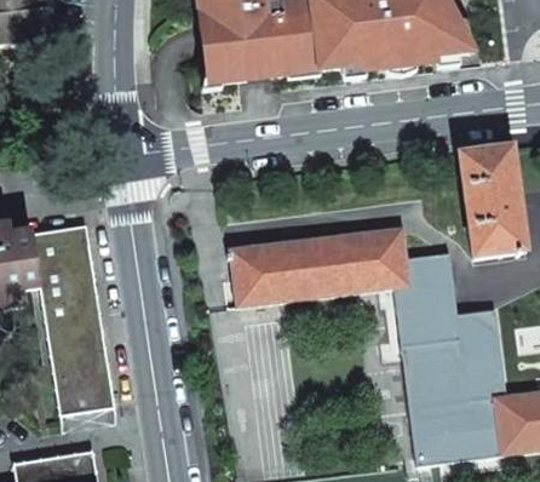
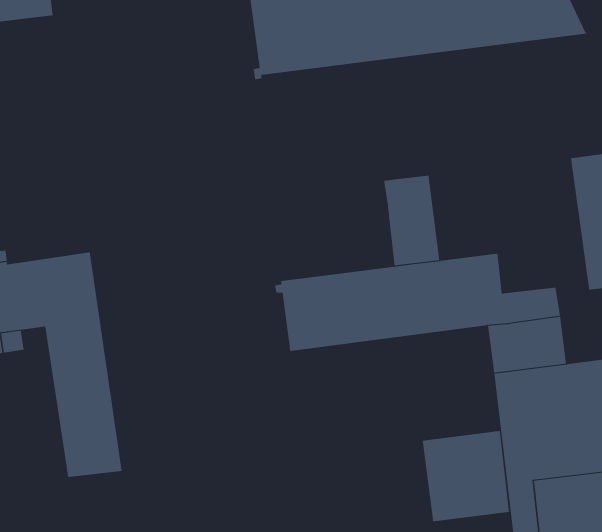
building: none -> [383,175,440,266]
building: [61,224,115,414] -> none
building: none -> [422,430,509,522]

